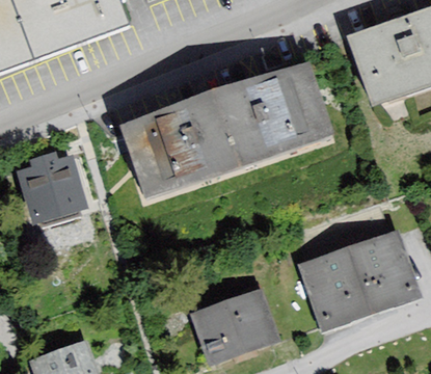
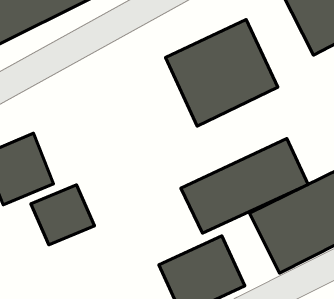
building: [122,90,248,202] -> none
building: none -> [181,138,308,233]
building: none -> [31,185,95,245]

